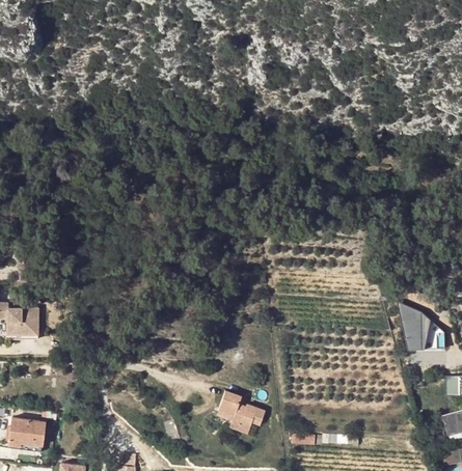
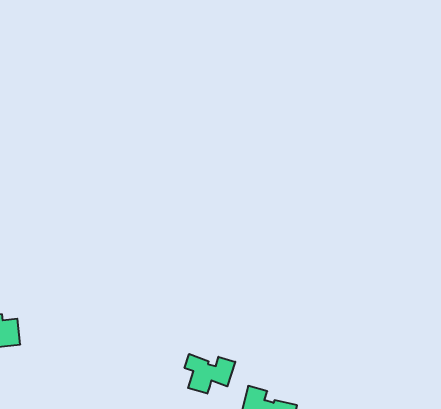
building: none -> [185,354,235,394]

